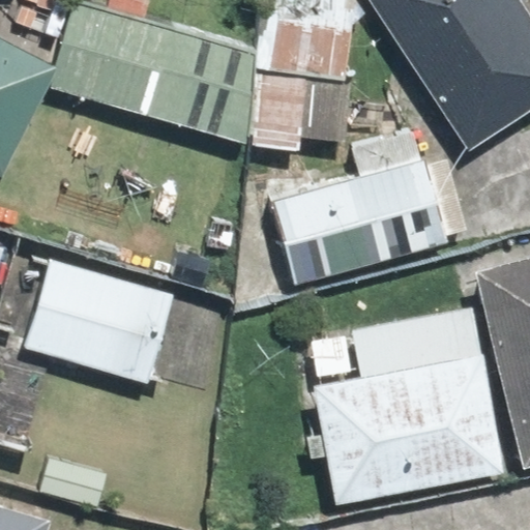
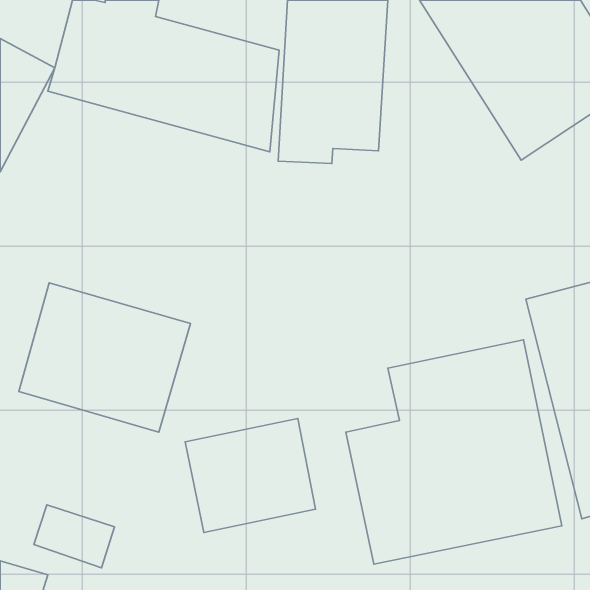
building: [255,134,469,287] -> none
building: none -> [185,419,316,532]

